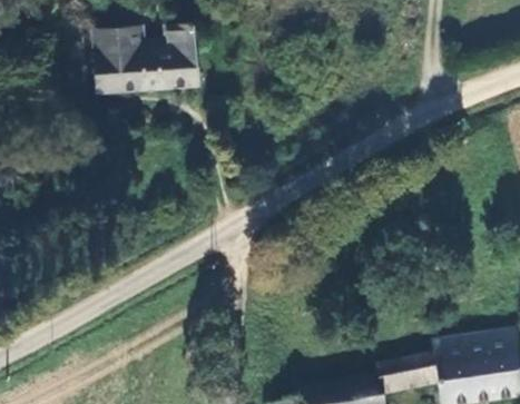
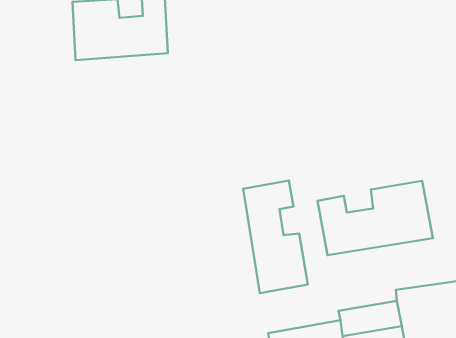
building: none -> [243,181,308,293]
building: none -> [318,181,433,255]

